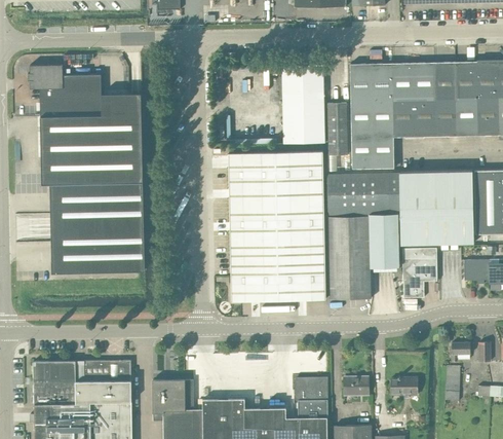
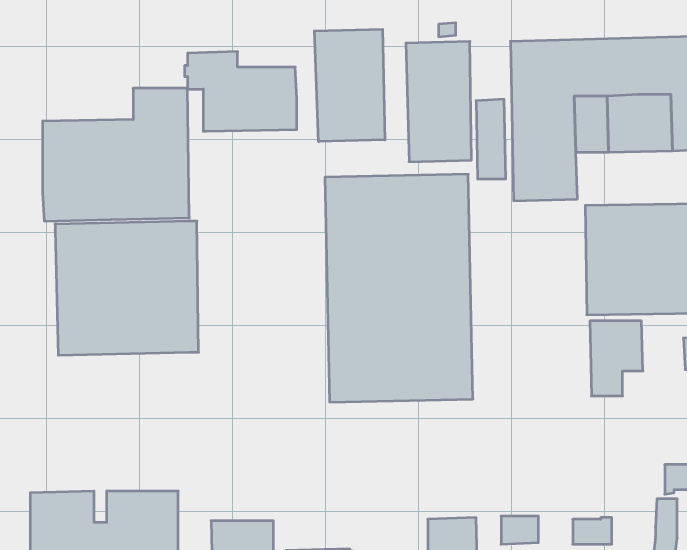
building: none -> [314,29,385,142]
building: [28,64,102,116] -> [185,52,297,131]
building: [327,172,400,299] -> none

